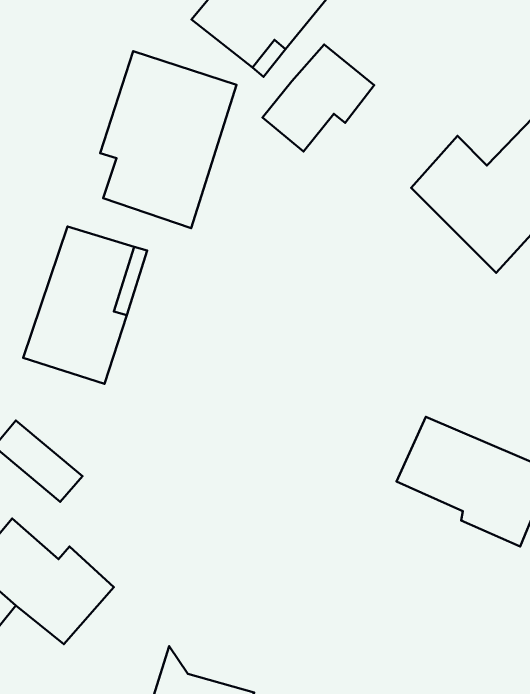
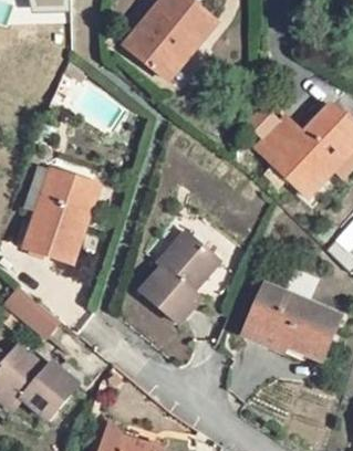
building: [263,45,374,152] -> none
building: [100,51,236,228] -> none
building: none -> [138,230,219,325]

